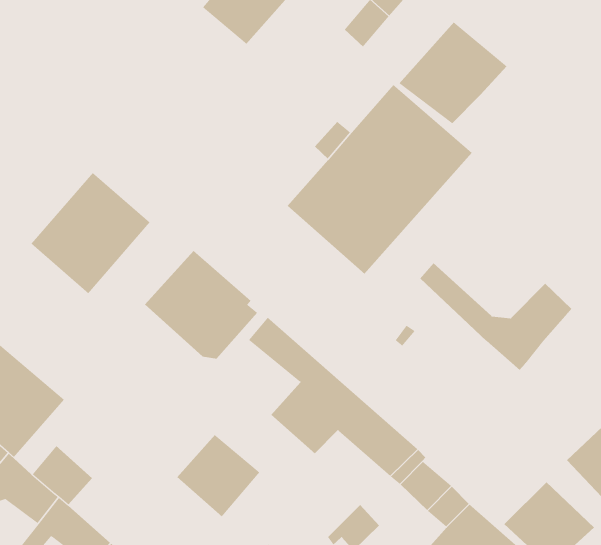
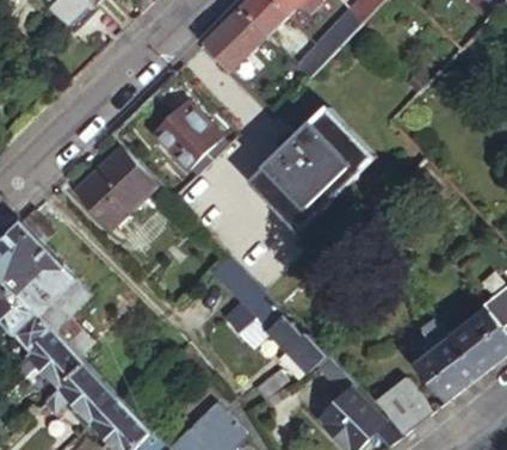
building: [399,21,507,124] -> none
building: [144,250,258,359] -> [148,100,223,174]
building: [419,262,572,371] -> none
building: [177,434,260,517] -> none

